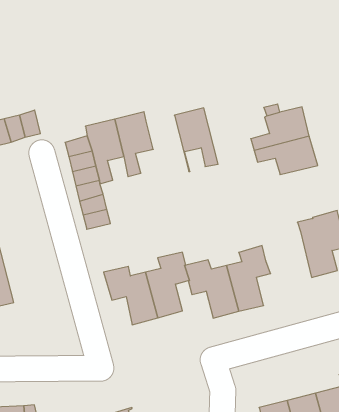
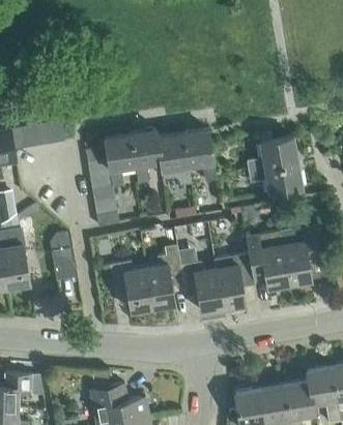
building: none -> [158,134,191,185]
building: none -> [247,238,289,289]
building: none -> [52,248,76,279]

